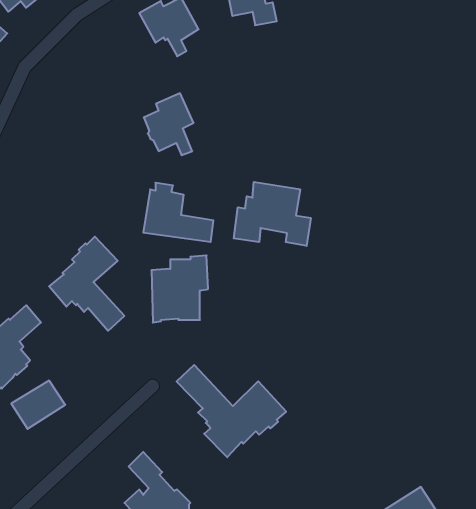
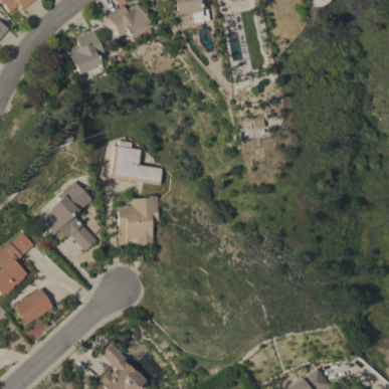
building: [144,93,194,155] -> [67,31,105,77]
building: [234,182,311,246] -> none
building: [177,365,286,457] -> none

